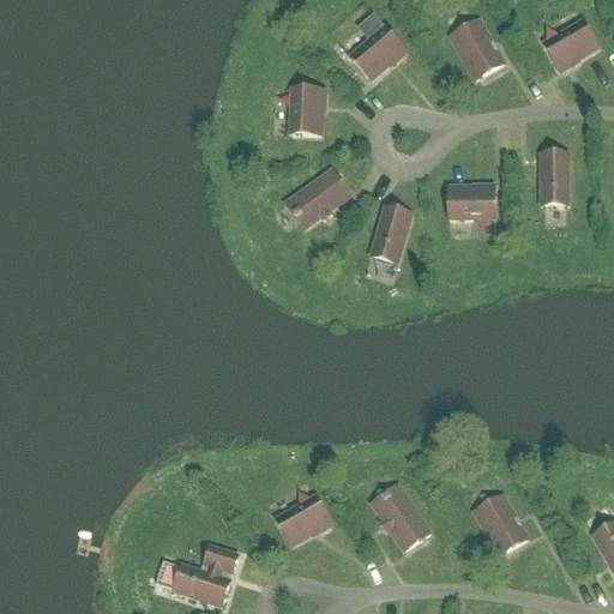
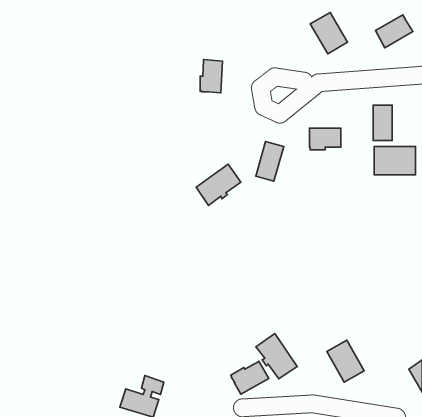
building: [350,28,405,79] -> none
building: [285,168,350,228] -> [196,164,241,205]
building: none -> [374,146,415,175]
building: [276,496,331,544] -> [231,361,269,394]

